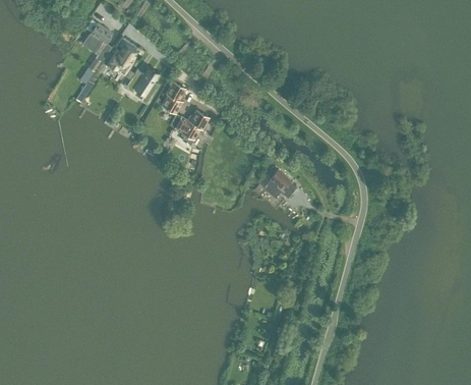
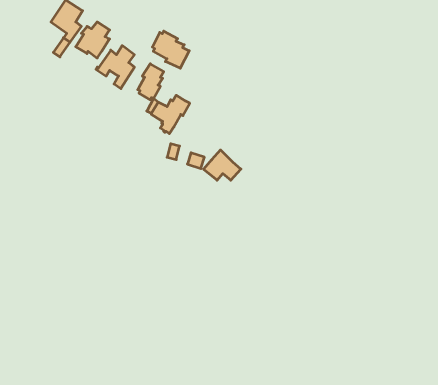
building: none -> [152,31,189,68]
building: [262,169,296,197] -> [204,150,241,180]

